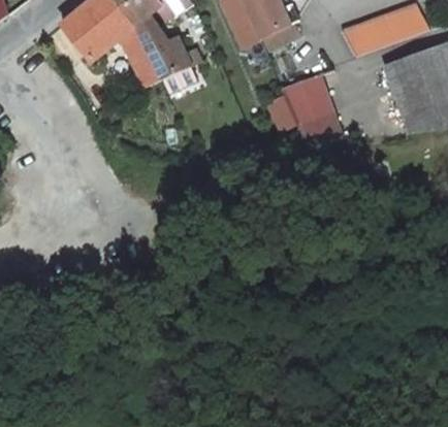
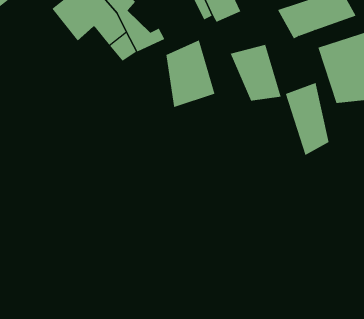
building: none -> [166,40,215,108]
building: none -> [285,82,329,156]

